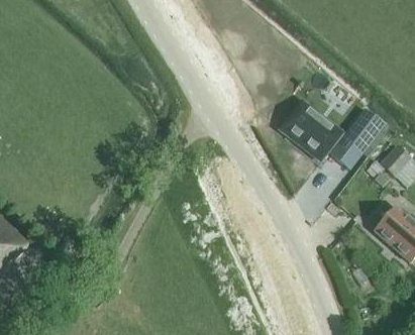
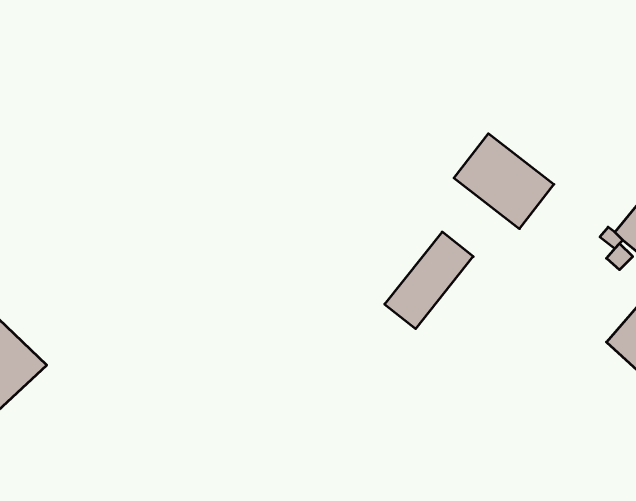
building: [330,110,385,170] -> [385,232,473,329]

